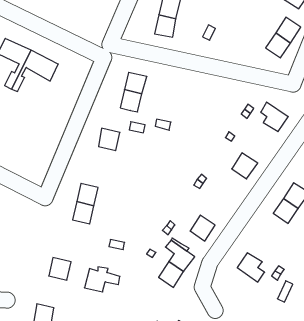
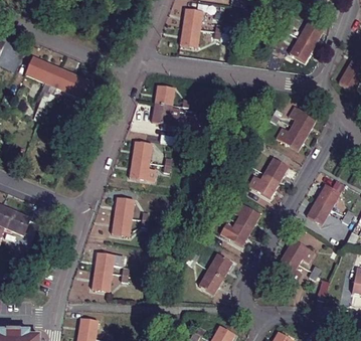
building: none -> [276,126,307,150]
building: none -> [129,159,156,181]
building: none -> [247,173,279,198]
building: none -> [232,201,260,229]
building: none -> [284,238,314,263]
building: [84,267,120,292] -> [94,249,128,274]

